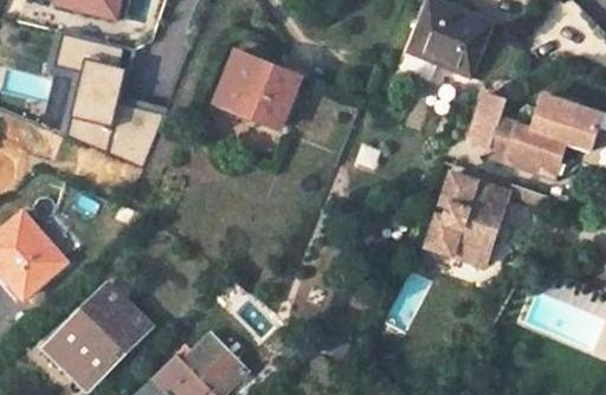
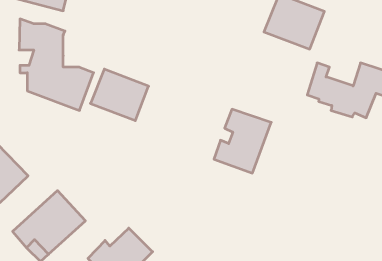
building: [214,51,298,125] -> [90,69,149,121]
building: [424,174,507,266] -> [214,109,271,173]

